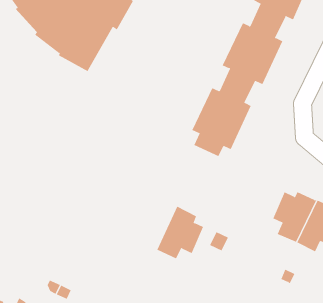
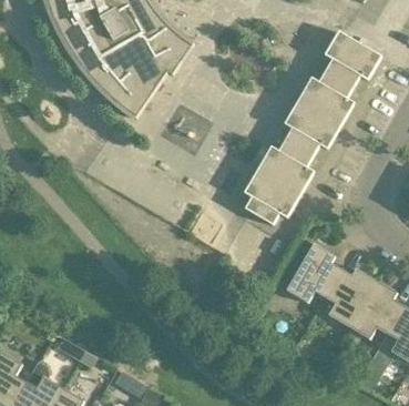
building: [157,206,204,259] -> [286,243,340,302]

